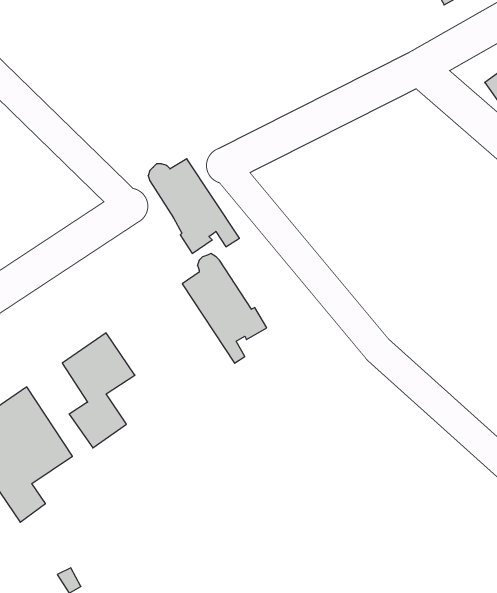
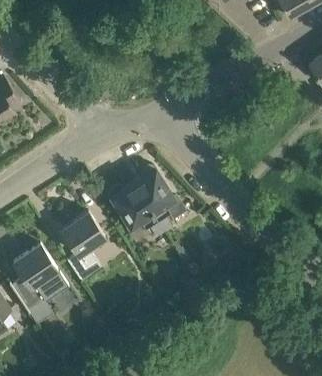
building: [148,159,239,253] -> [109,183,163,239]

